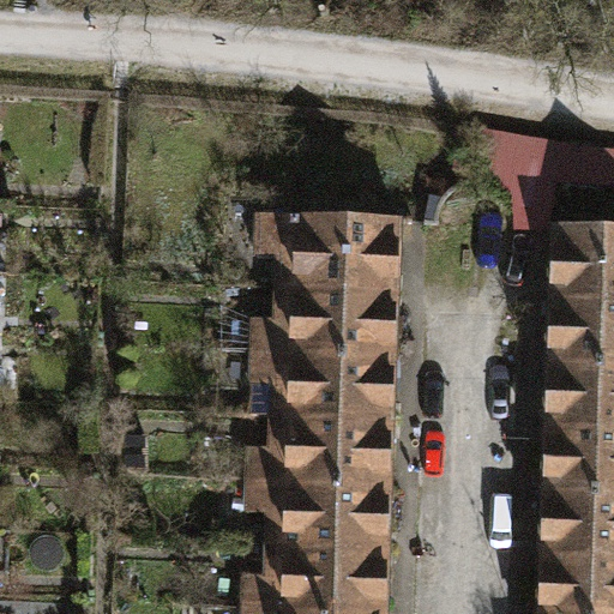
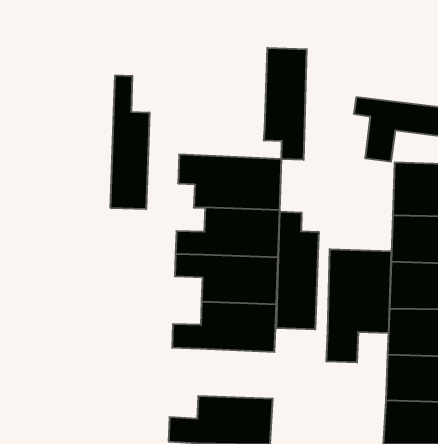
building: none -> [264,48,307,160]
building: none -> [111,75,149,209]
building: none -> [276,212,319,330]
building: none -> [327,249,391,363]
building: [245,480,387,550] -> none

